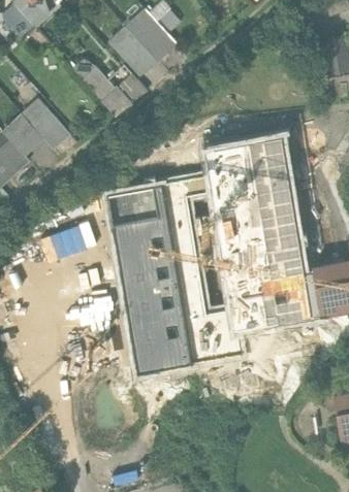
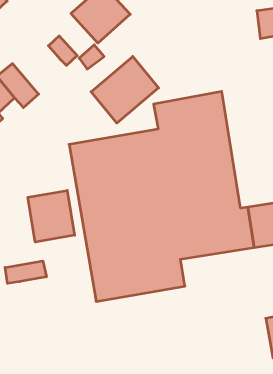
building: none -> [91,56,159,123]
building: none -> [28,190,75,242]
building: none -> [5,261,46,283]

